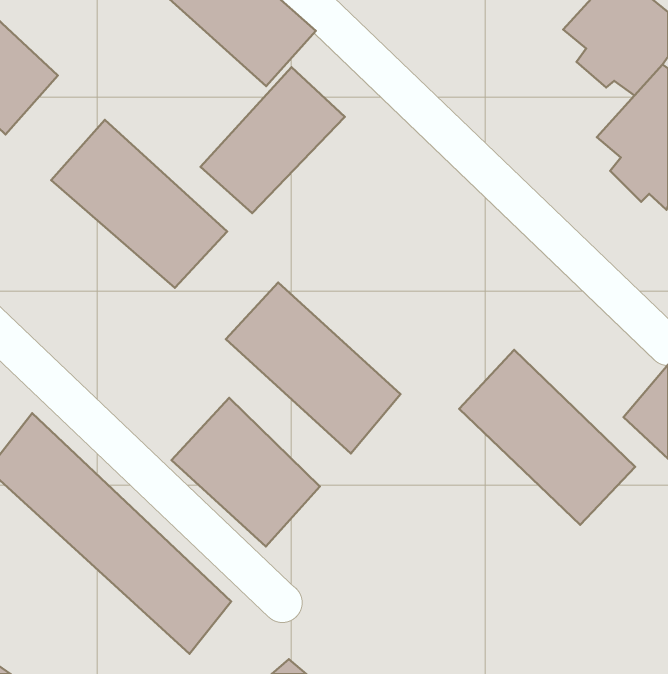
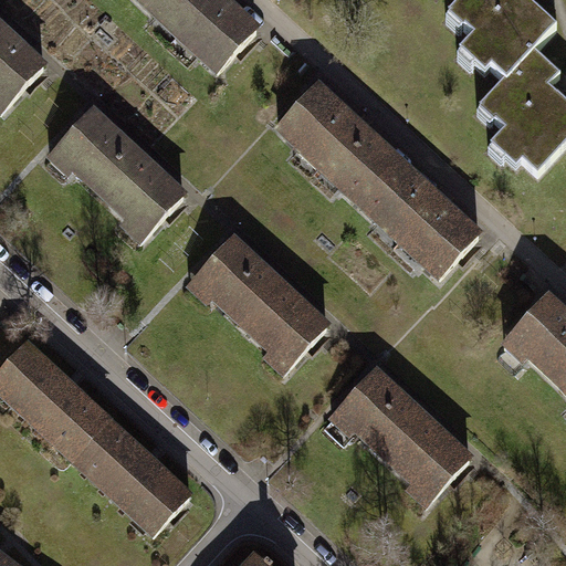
building: [201,67,345,213] -> none
building: none -> [273,77,482,277]
building: [459,350,635,525] -> [327,363,472,506]
building: [171,398,320,546] -> none

